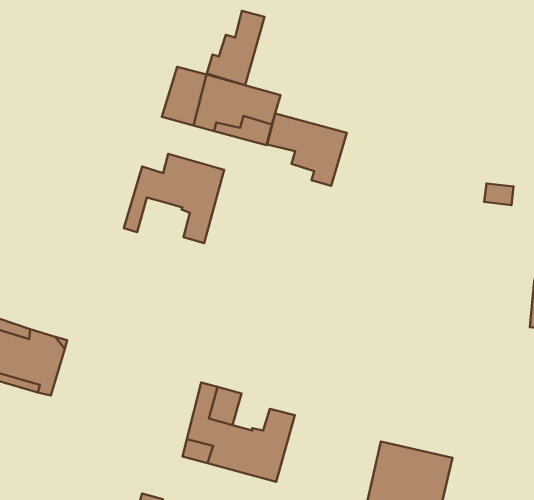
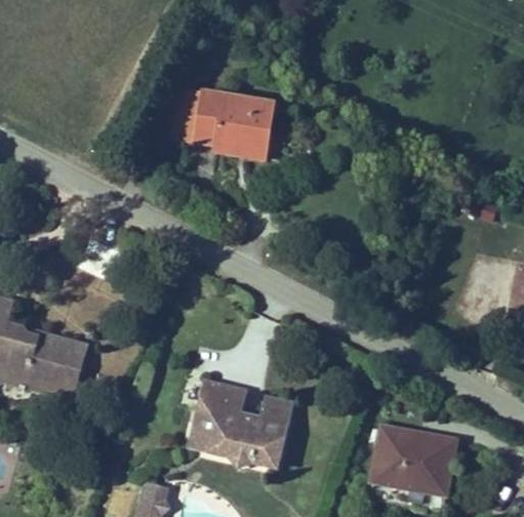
building: [207,11,264,85] -> none
building: [267,113,347,186] -> none
building: [124,154,224,243] -> none

